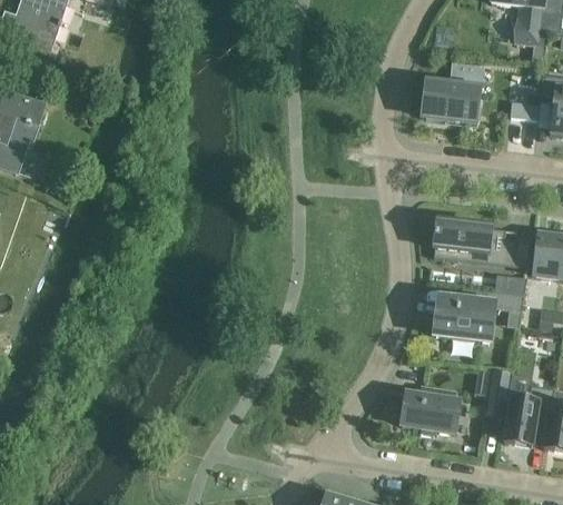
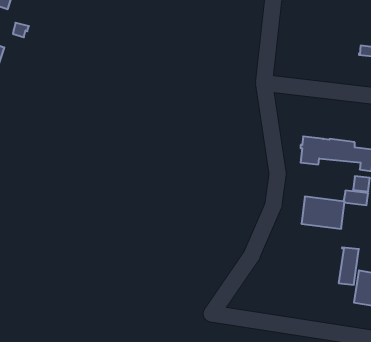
building: [425,60,484,122] -> none
building: [401,385,458,433] -> none

